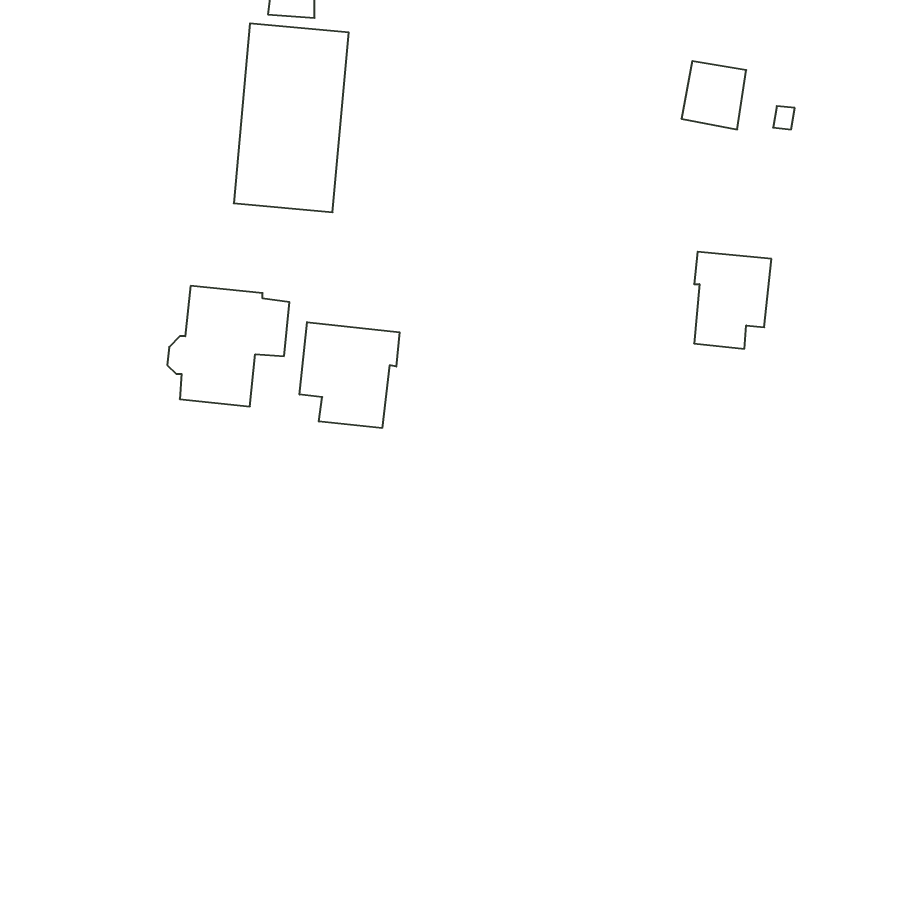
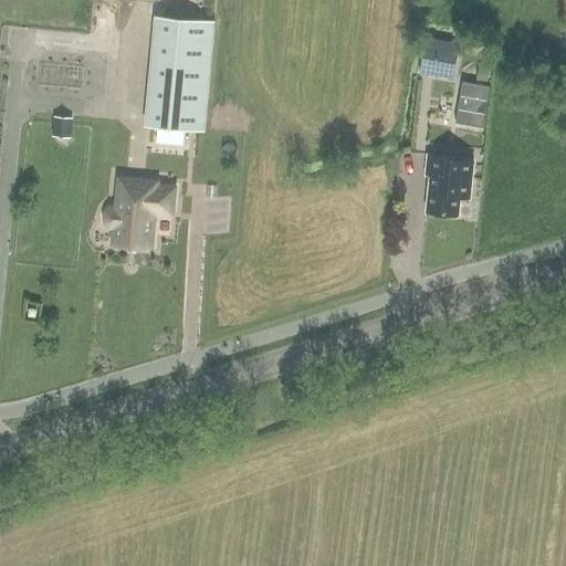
building: none -> [454,80,492,127]
building: [300,322,400,428] -> none

